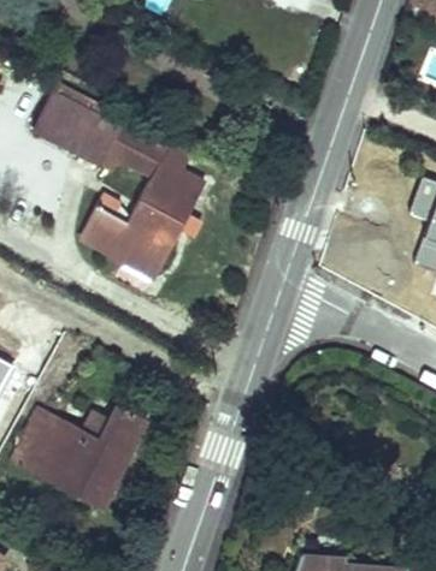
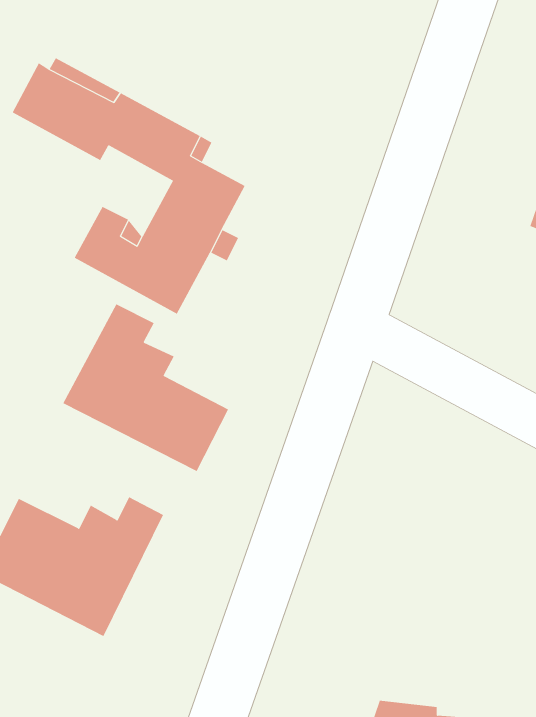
building: none -> [63,304,229,472]

